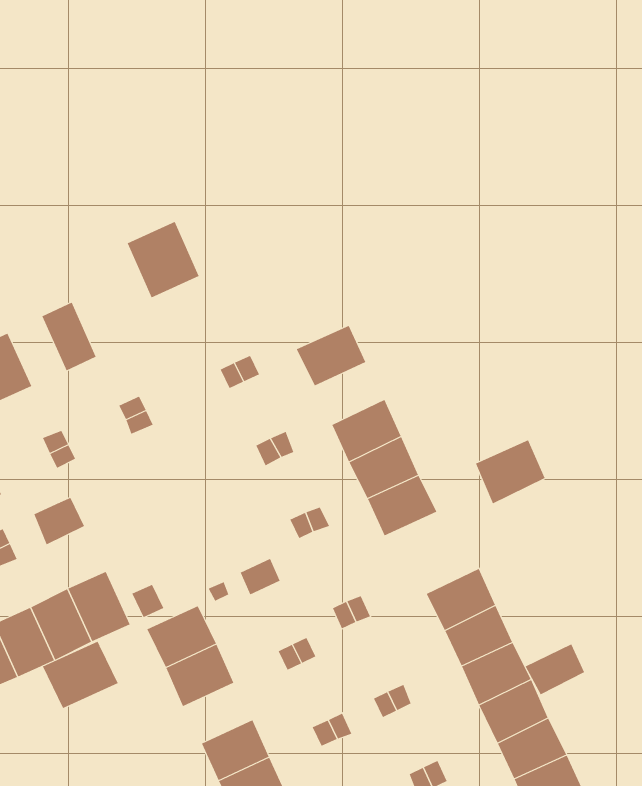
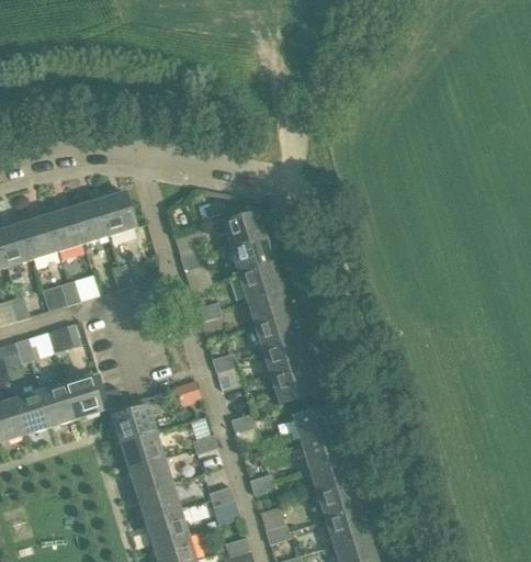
building: [127,221,200,298] -> [91,190,135,237]
building: none -> [223,212,267,249]
building: none -> [47,206,81,250]
building: none -> [239,263,283,301]
building: [475,439,546,504] -> [271,366,315,404]
building: [42,641,118,709] -> none
building: [525,644,585,695] -> none
building: none -> [127,458,171,494]

